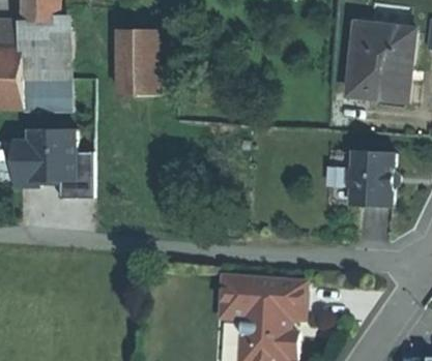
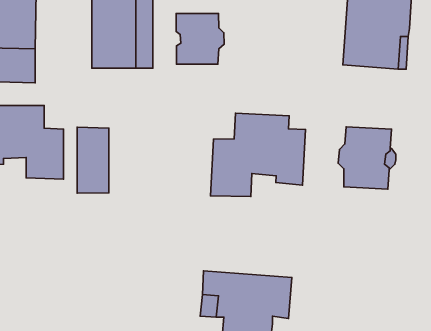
building: none -> [176,13,224,64]
building: none -> [211,113,305,197]
building: none -> [77,127,109,193]

